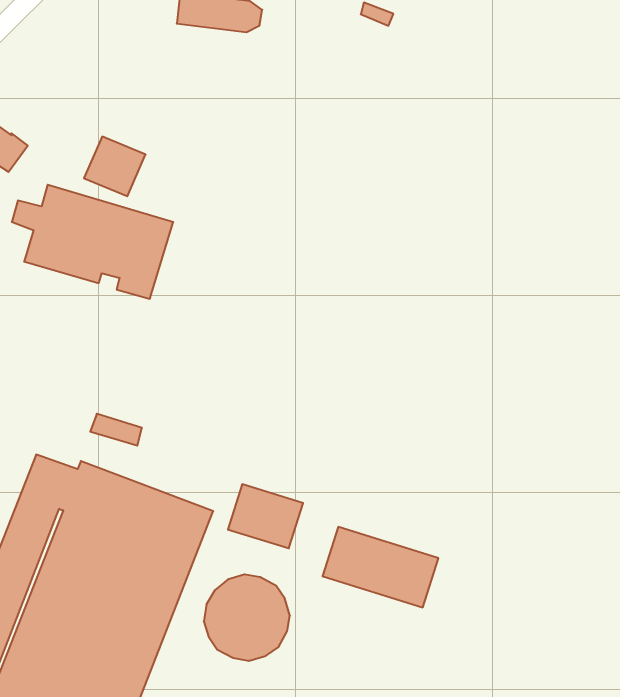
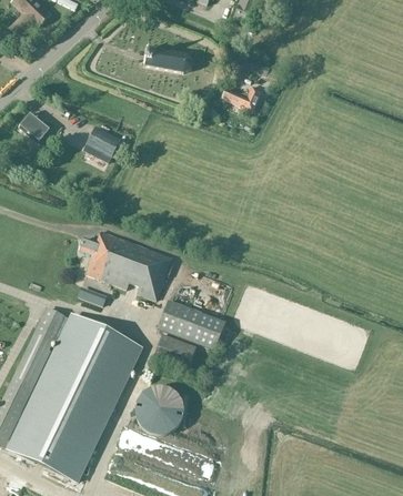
building: none -> [222,85,262,111]
building: [12,185,173,299] -> [79,230,172,300]
building: [322,527,438,607] -> [158,300,225,350]

